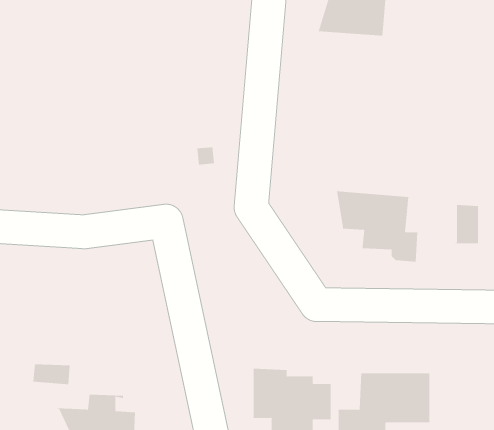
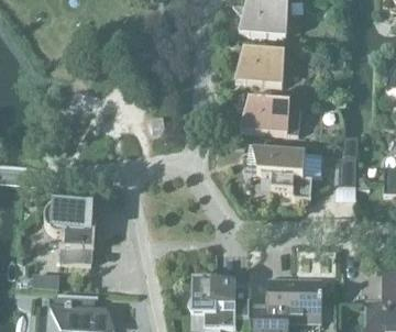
building: none -> [234,41,285,84]
building: none -> [240,90,300,133]
building: none -> [44,201,96,264]

